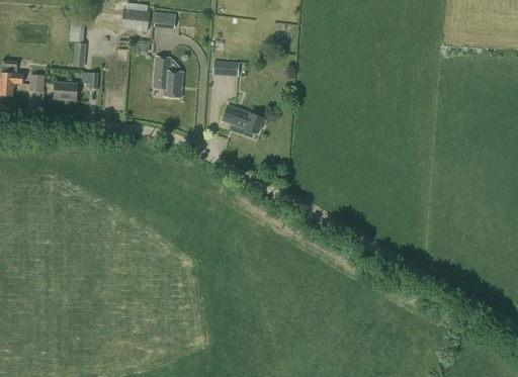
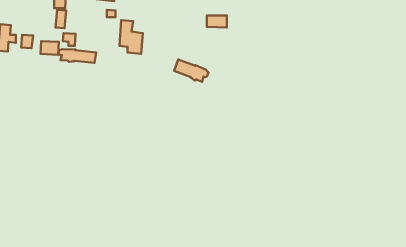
building: [213,61,239,76] -> [207,15,227,28]
building: none -> [59,49,96,63]

